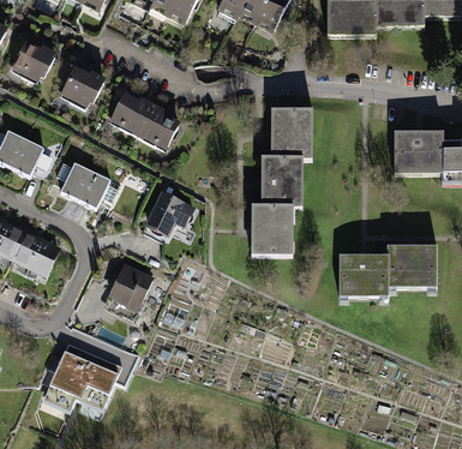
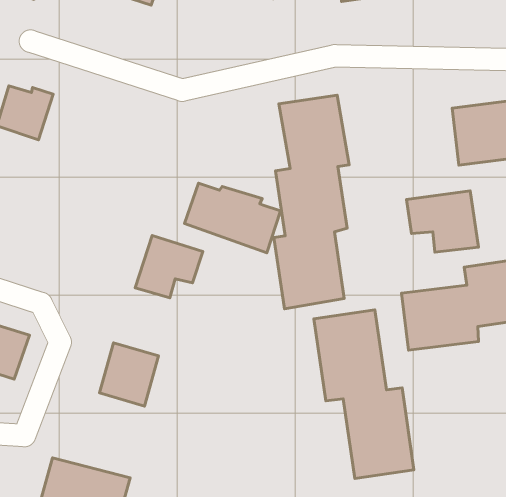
building: [110,90,181,148] -> [185,183,281,253]
building: [61,161,112,208] -> none
building: none -> [406,191,478,252]
building: none -> [314,310,414,479]

